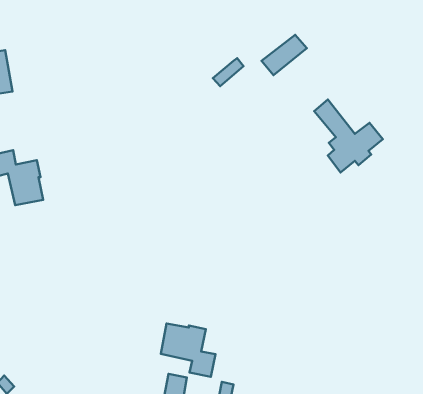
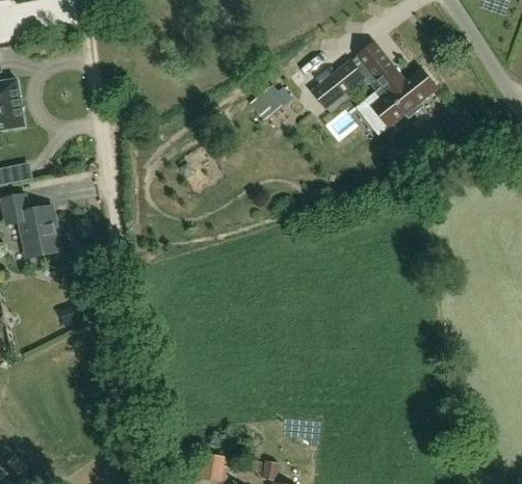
building: [314,99,383,172] -> [356,42,435,126]
building: [161,323,216,377] -> none

